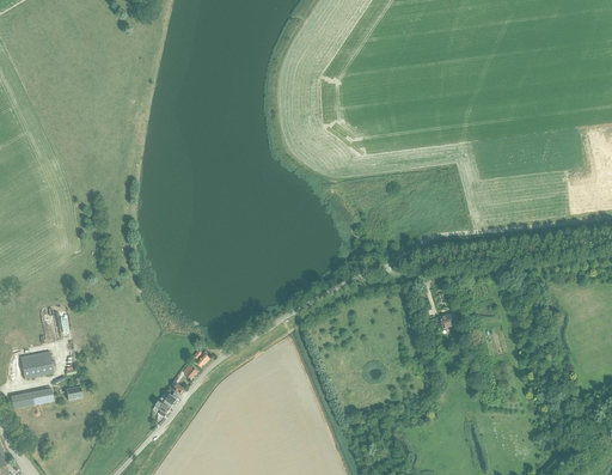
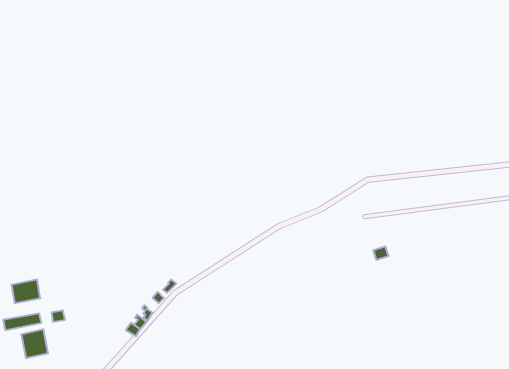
building: none -> [21,329,48,358]

